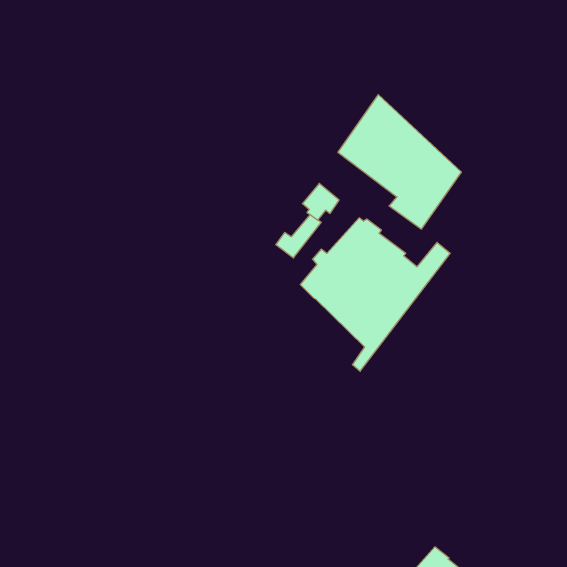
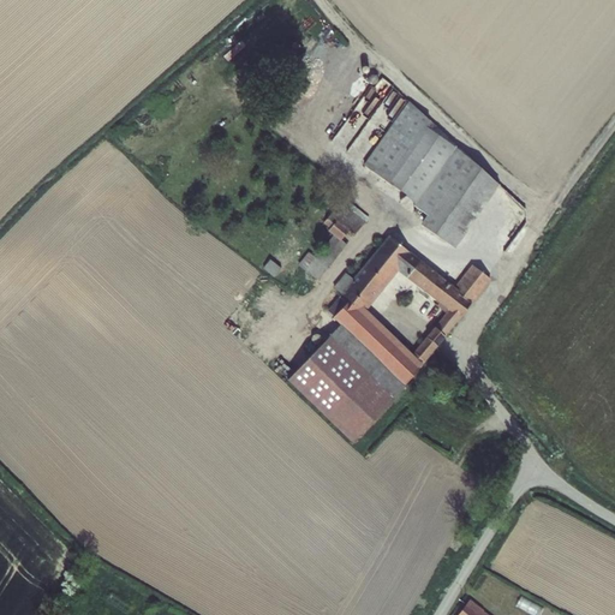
building: none -> [288,324,395,443]

